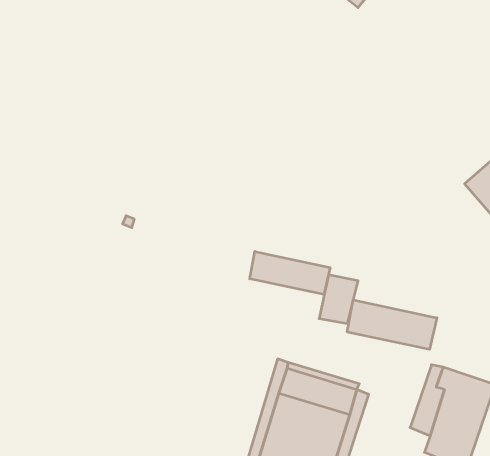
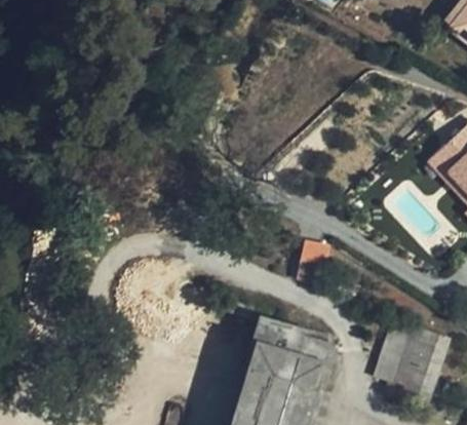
building: [250,251,330,295] -> none
building: [347,300,437,349] -> none

